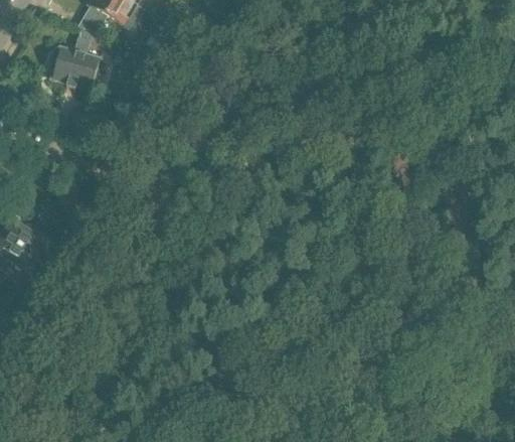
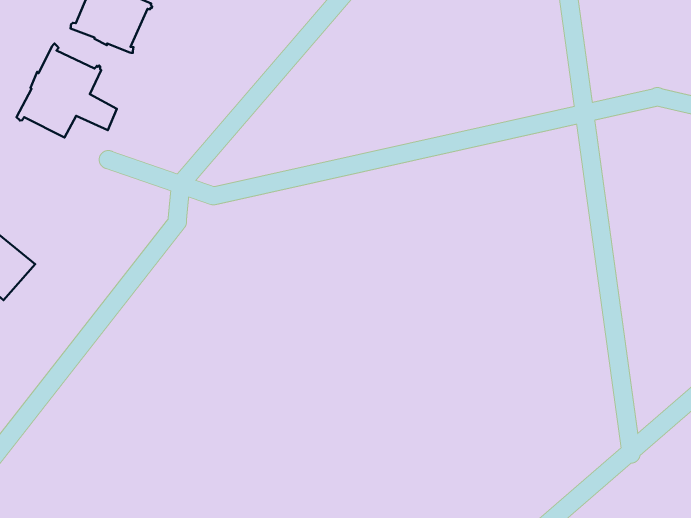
building: none -> [17,43,117,137]

